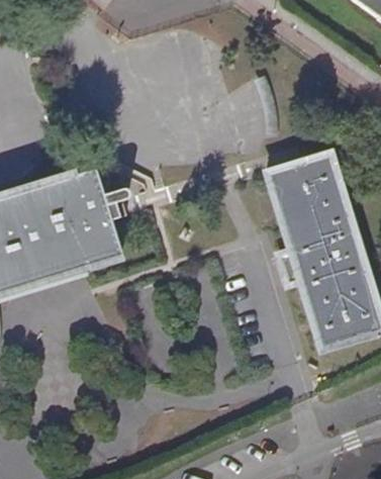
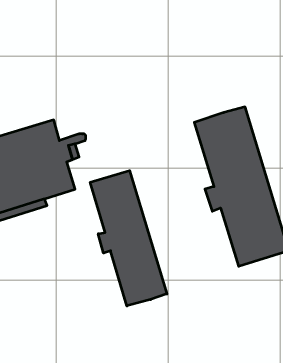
building: none -> [90,171,167,306]

